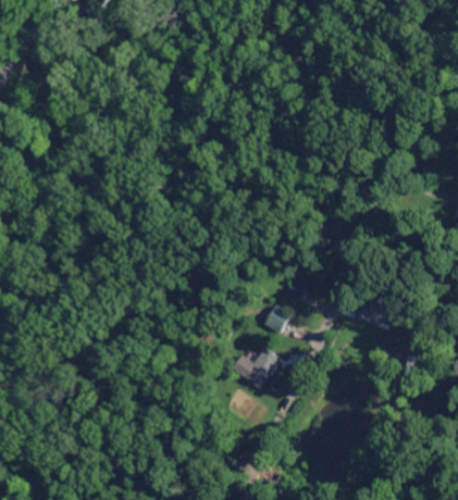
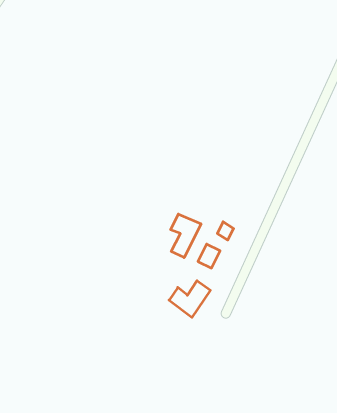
building: none -> [171,214,201,258]

